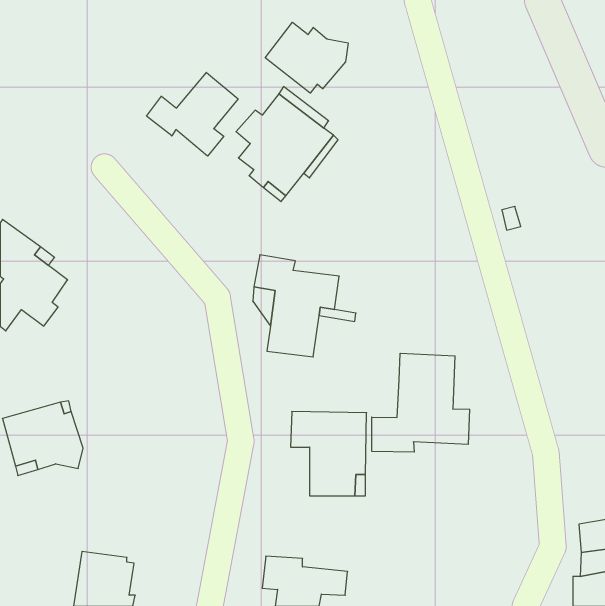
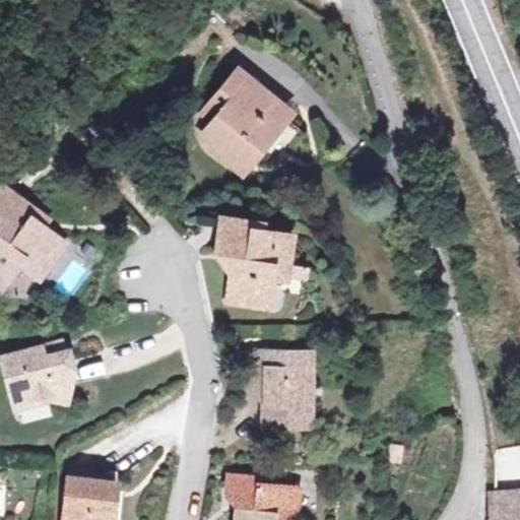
building: [265,22,348,93] -> none
building: [147,72,238,156] -> none
building: [372,353,470,452] -> none

